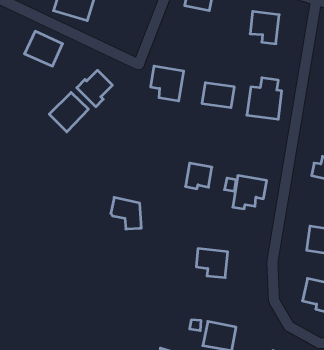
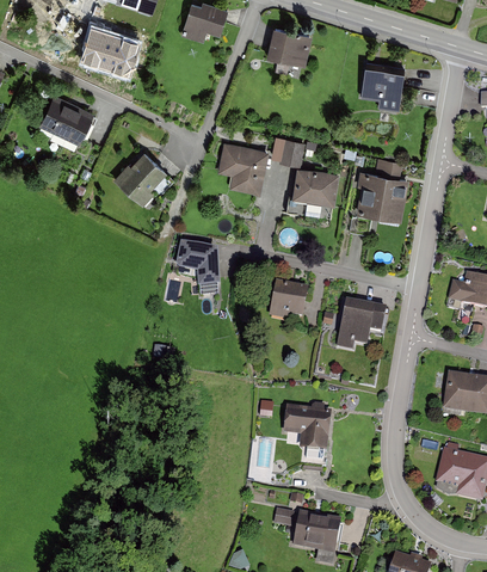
building: none -> [273,135,303,161]
building: [49,92,88,132] -> none
building: [111,197,141,229] -> [174,240,218,285]

